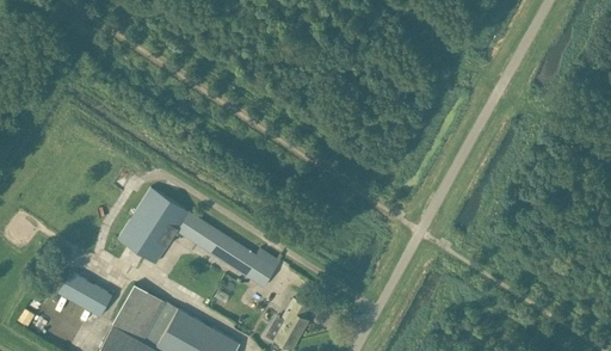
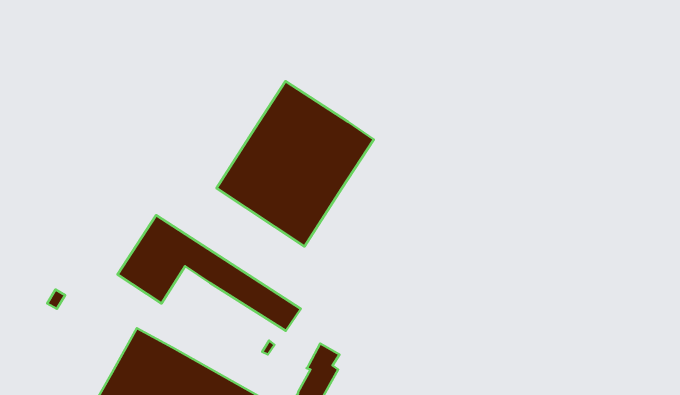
building: none -> [216,81,374,247]
building: [58,271,113,318] -> none

